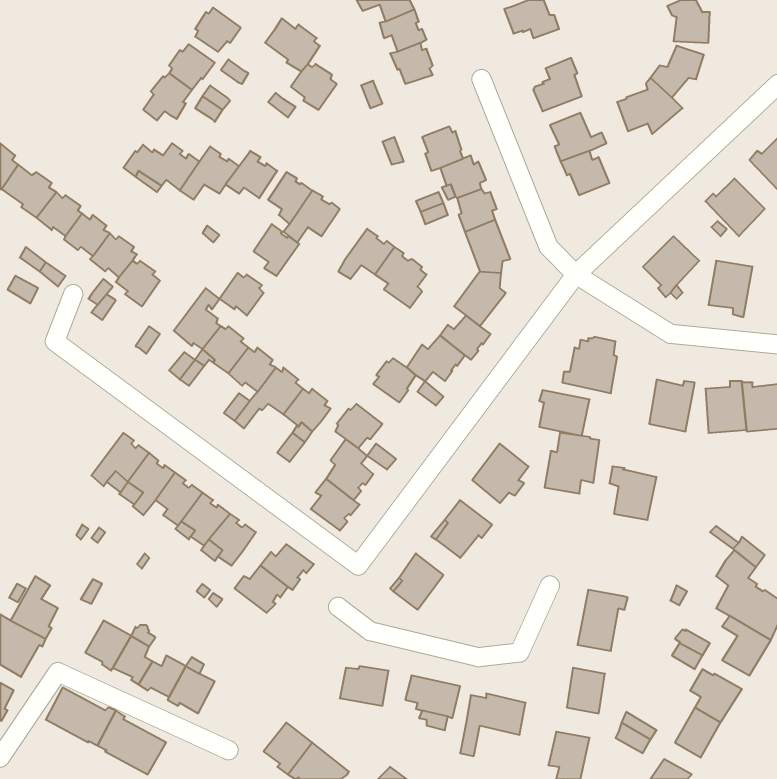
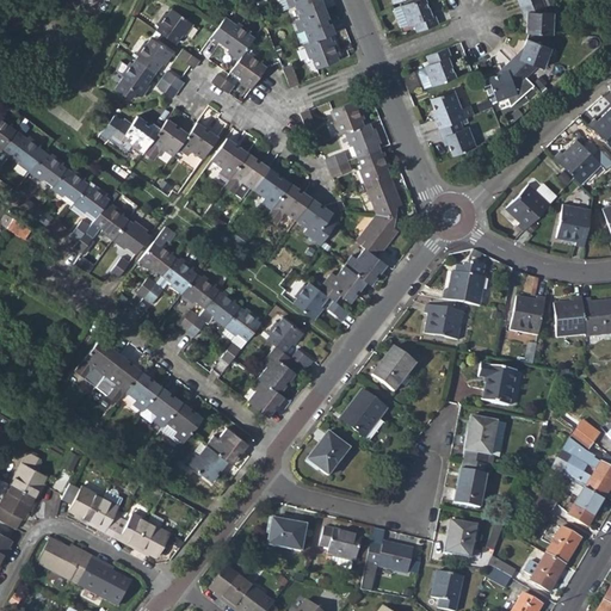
building: [254,224,299,276] -> [253,163,289,204]
building: [219,273,264,316] -> [112,220,147,253]
building: [545,433,599,494] -> [462,419,505,467]

